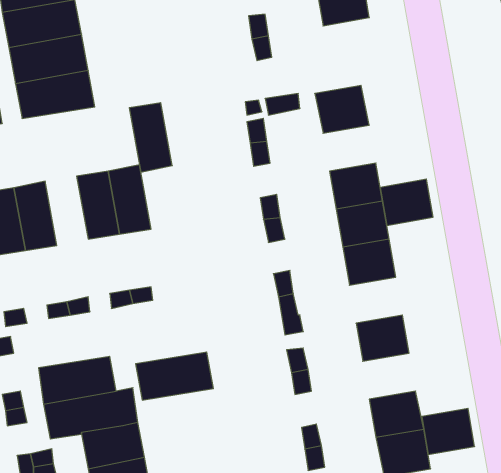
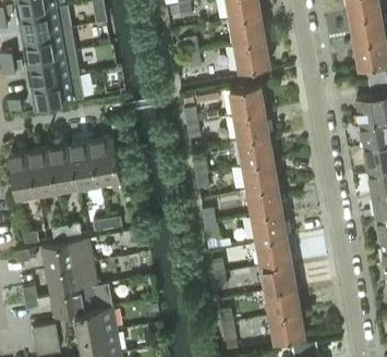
building: none -> [233,40,269,71]
building: [129,103,172,172] -> [50,145,78,190]
building: [380,179,433,225] -> [233,111,268,141]
building: none -> [251,211,286,242]
building: [136,352,213,400] -> [41,239,93,271]
building: [422,408,475,455] -> [259,261,294,292]

